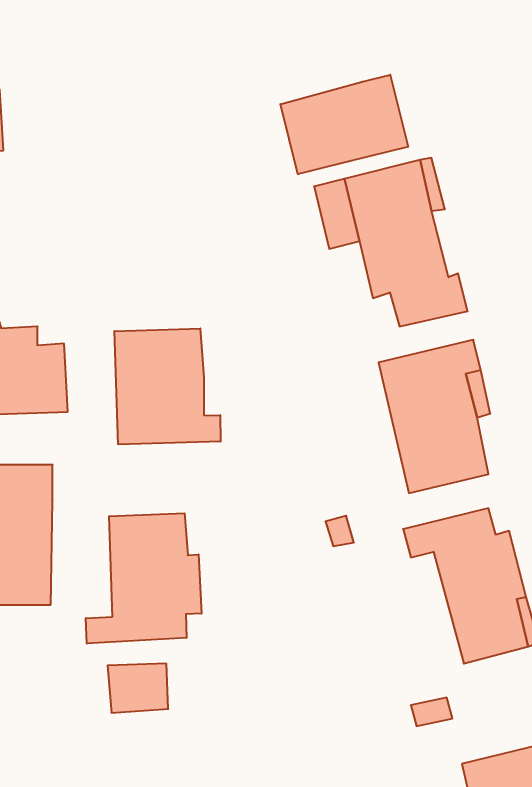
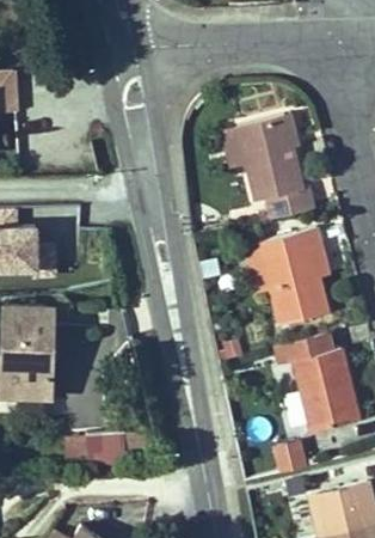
building: [280,75,408,174] -> none
building: [114,328,221,444] -> none
building: [86,513,202,644] -> none

